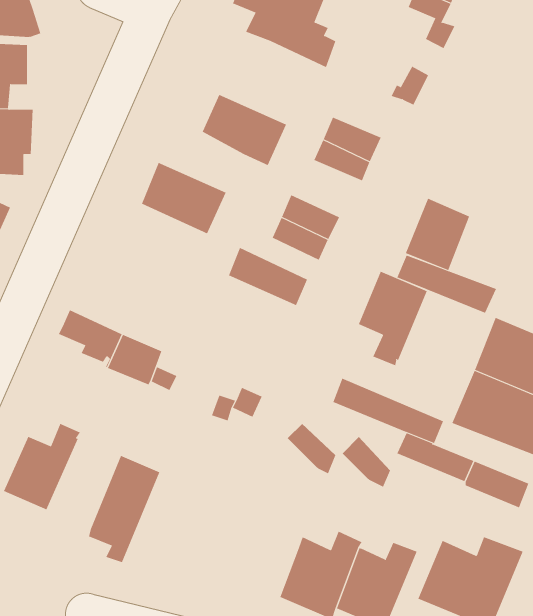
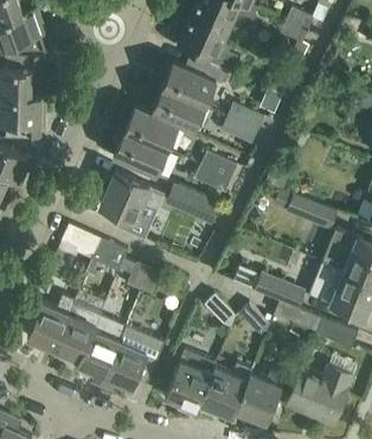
building: none -> [162,55,230,107]
building: none -> [124,104,178,149]
building: [405,198,470,271] -> none
building: none -> [101,171,166,238]
building: [358,271,428,366] -> none
building: none -> [54,304,101,361]
building: none -> [102,325,161,387]
building: none -> [165,349,212,411]

